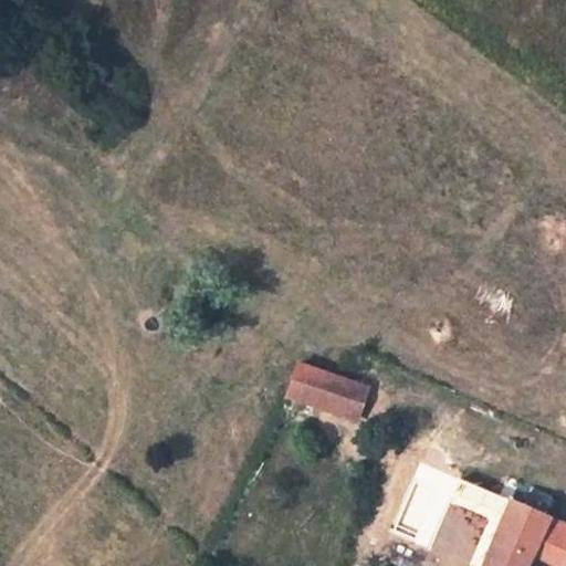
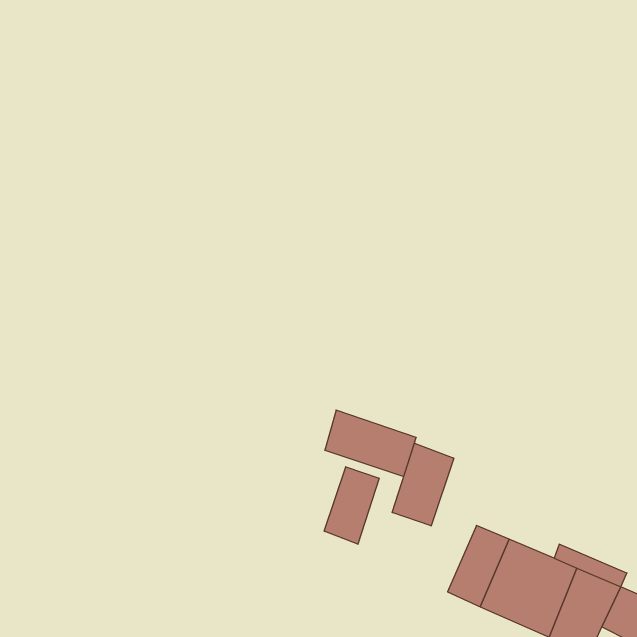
building: none -> [392,443,454,526]
building: none -> [324,467,379,544]

